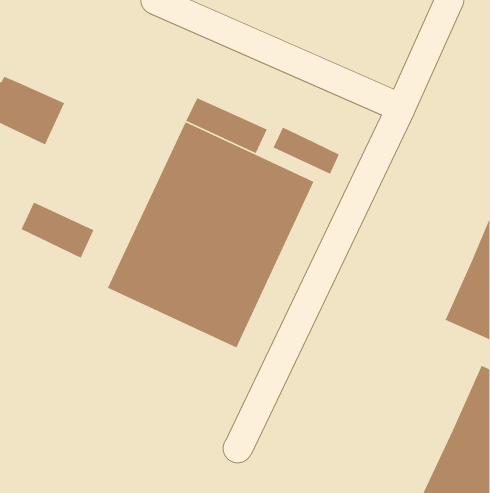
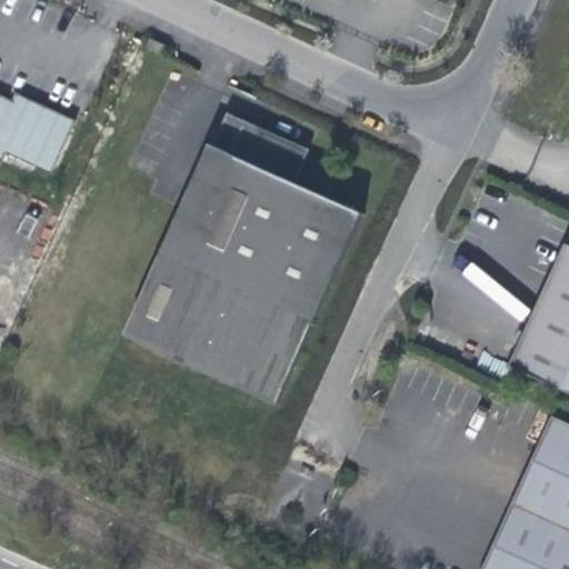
building: [272,126,340,175] -> none
building: [21,201,95,259] -> none

